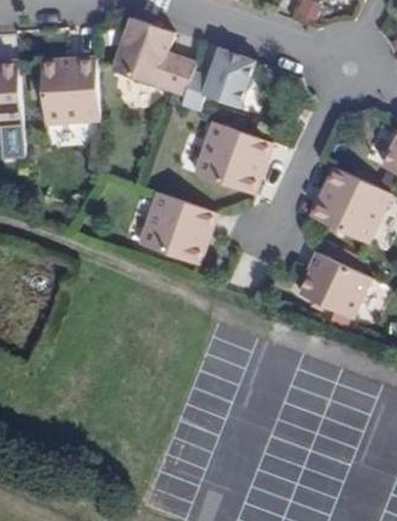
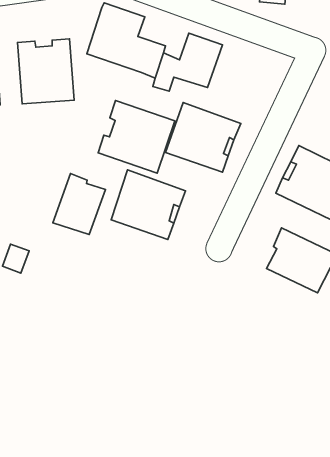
building: none -> [98,100,175,173]
building: none -> [53,174,105,235]

